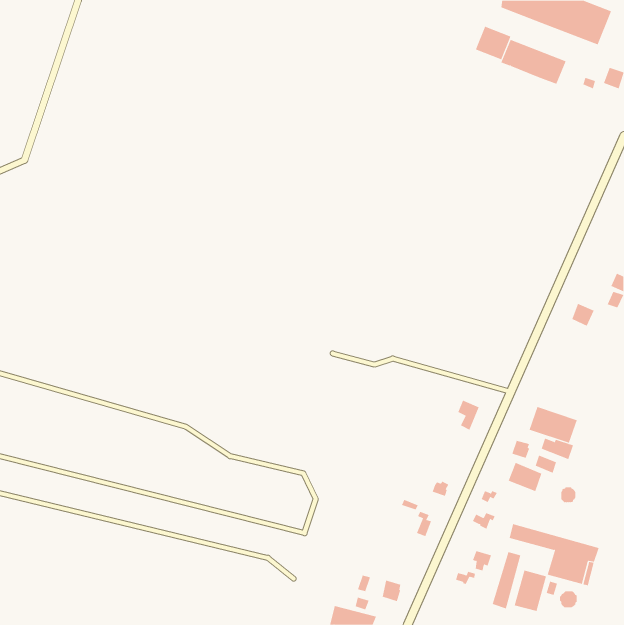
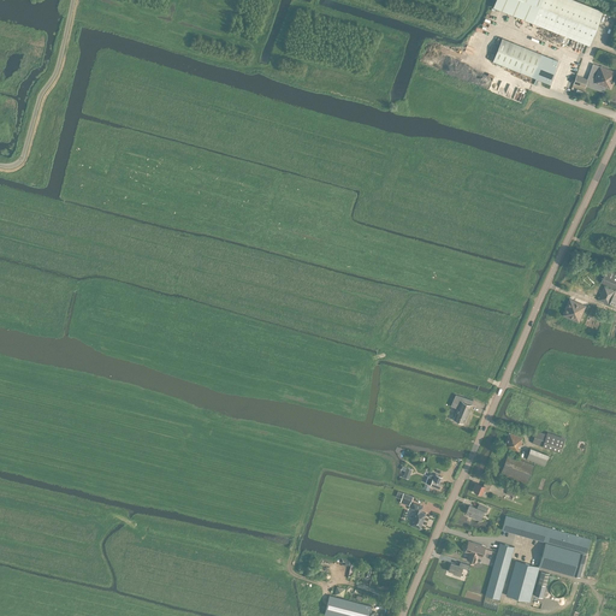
building: [475,26,511,60] -> none
building: [529,406,577,444] -> none

